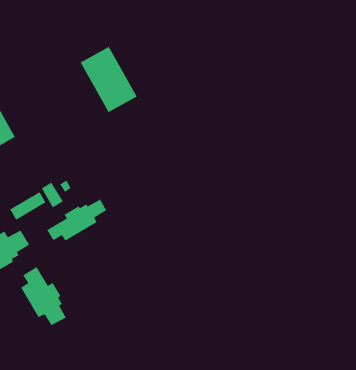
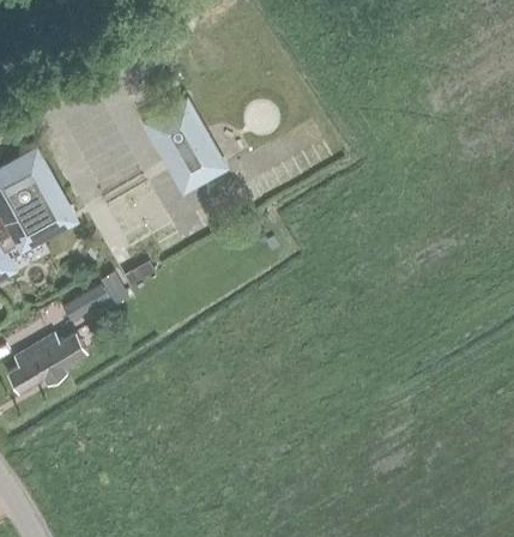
building: [46,198,107,241] -> none
building: [20,266,67,326] -> none

